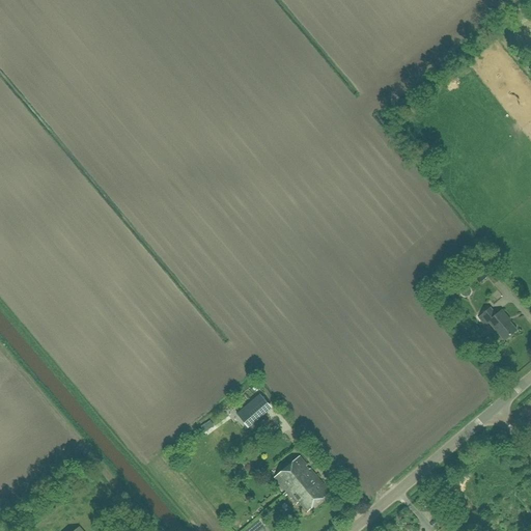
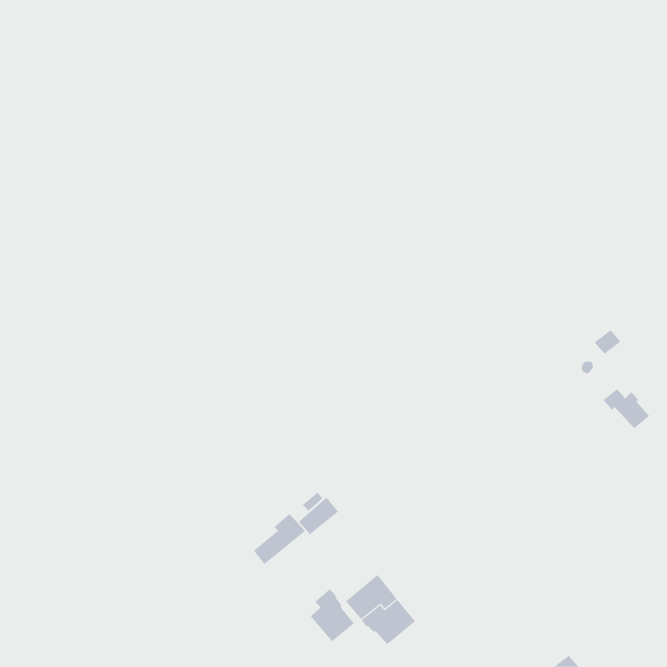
building: none -> [253,513,306,565]
building: none -> [310,589,354,642]

